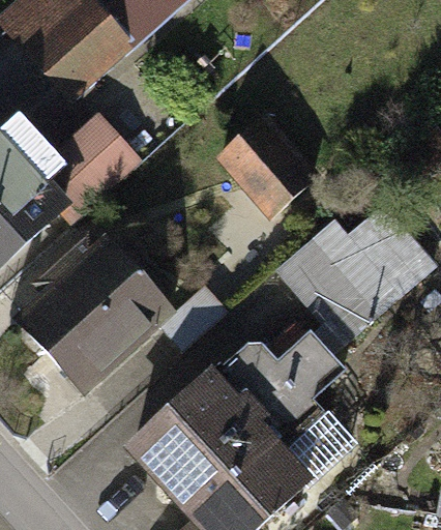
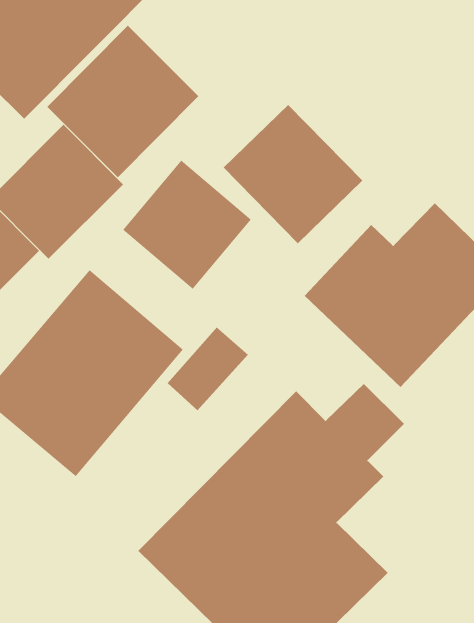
building: none -> [47,25,199,178]
building: none -> [122,159,252,290]

